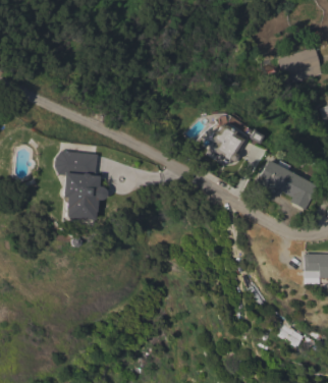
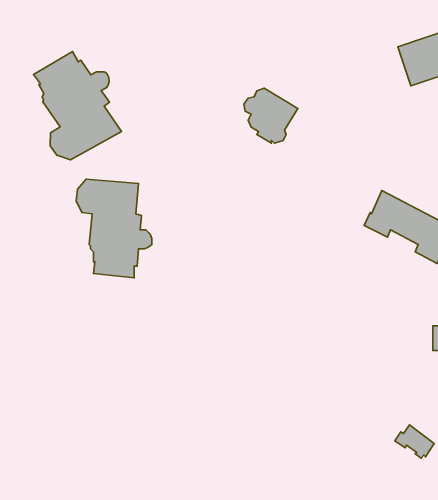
building: none -> [33,52,122,160]
building: [211,124,249,163] -> [244,88,298,143]

